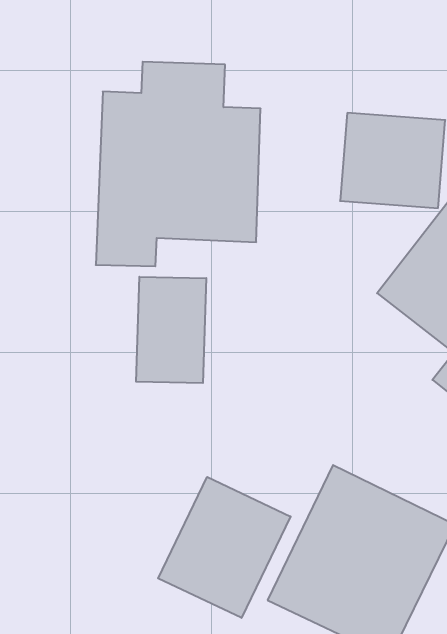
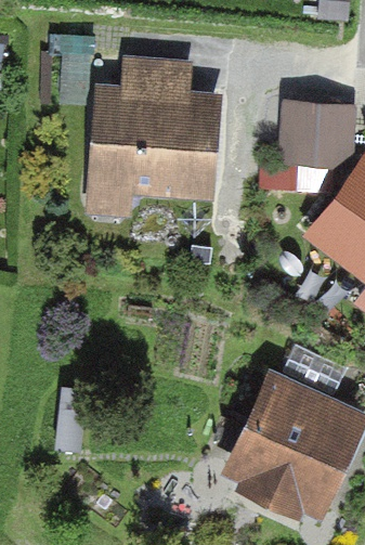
building: [136,277,206,383] -> none
building: [158,477,291,618] -> none

